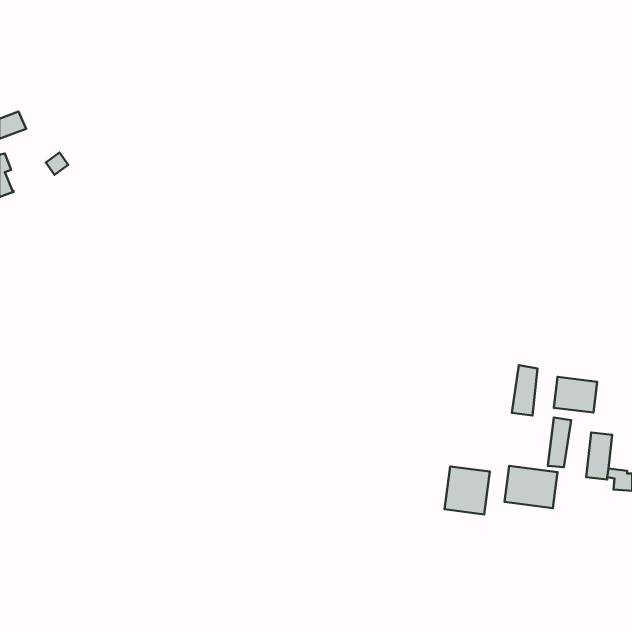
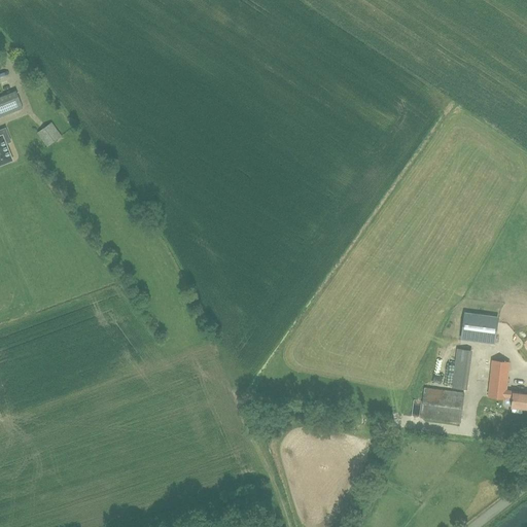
building: [512,365,537,415] -> none
building: [445,466,490,514] -> none

